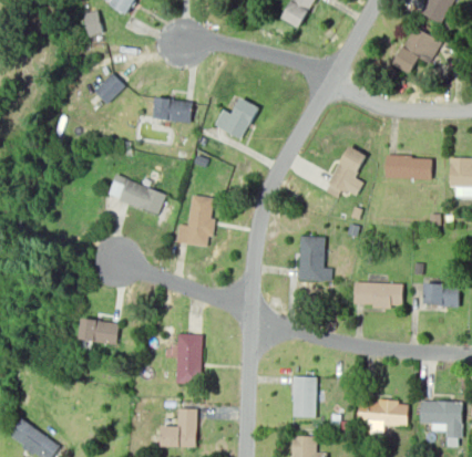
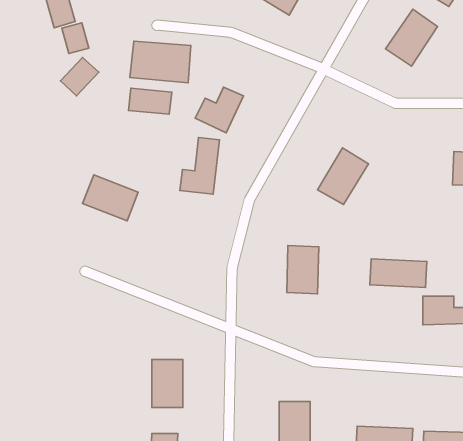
building: none -> [62,23,89,53]
building: none -> [130,41,191,83]
building: [383,153,429,184] -> none
building: [175,197,211,248] -> [180,137,219,194]
building: [352,281,403,307] -> [370,259,427,287]
building: [76,314,123,346] -> none

